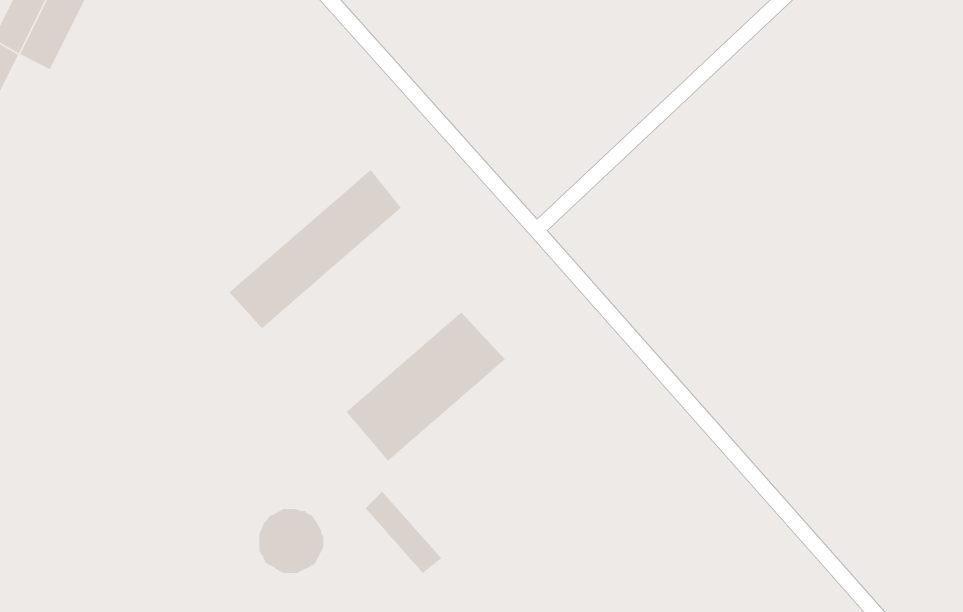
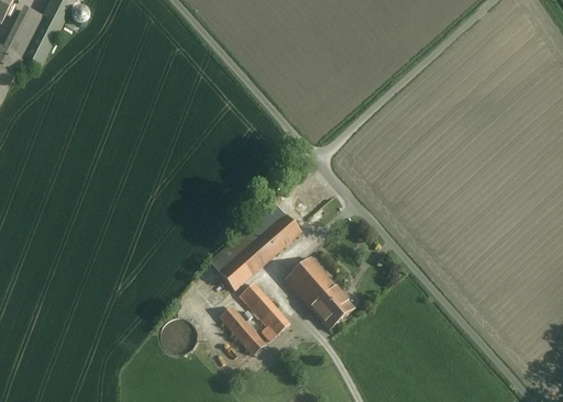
building: [229,169,402,329] -> none
building: none -> [285,256,353,328]
building: none -> [239,282,288,339]

